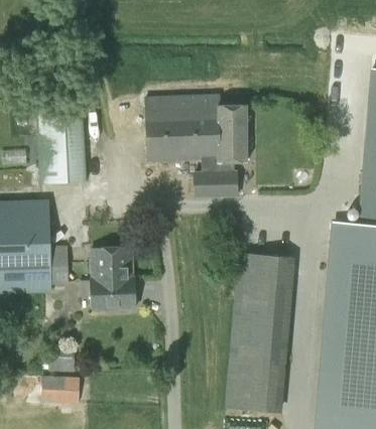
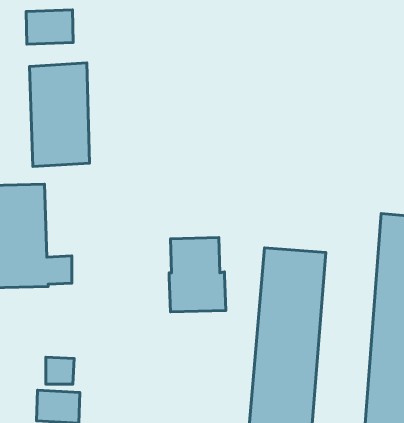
building: none -> [26,10,73,44]
building: [145,96,250,198] -> none
building: [92,245,140,308] -> [169,238,226,312]

